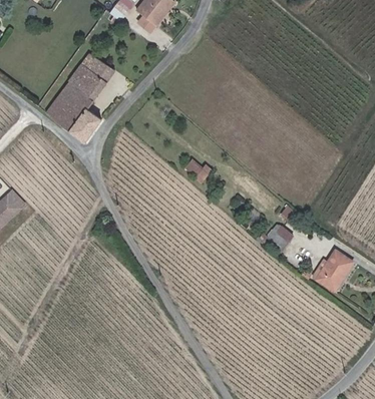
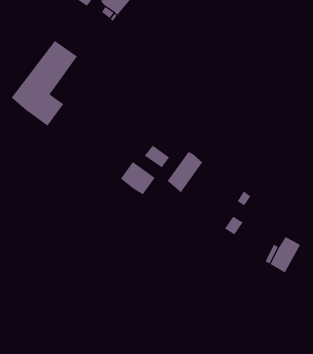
building: none -> [167,151,203,193]
building: none -> [120,161,156,195]

